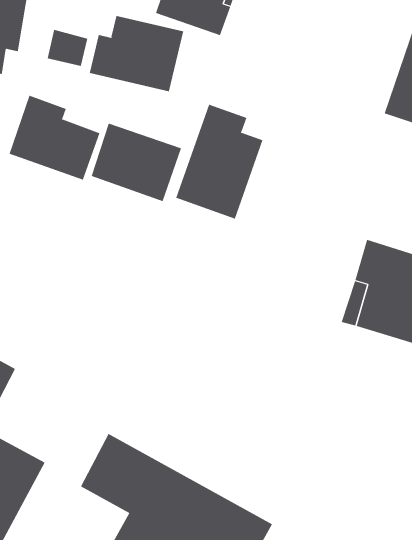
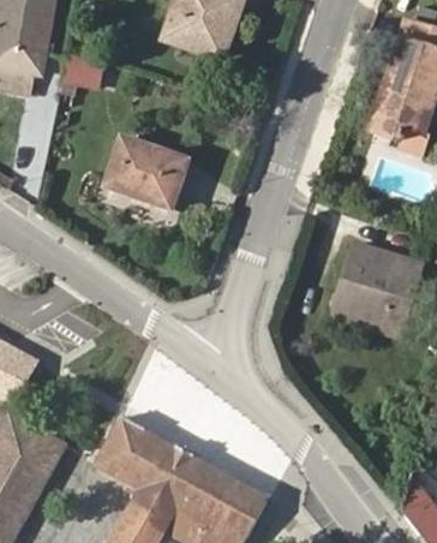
building: [89,15,184,92] -> none
building: [9,95,100,180] -> none
building: [176,104,263,220] -> none

